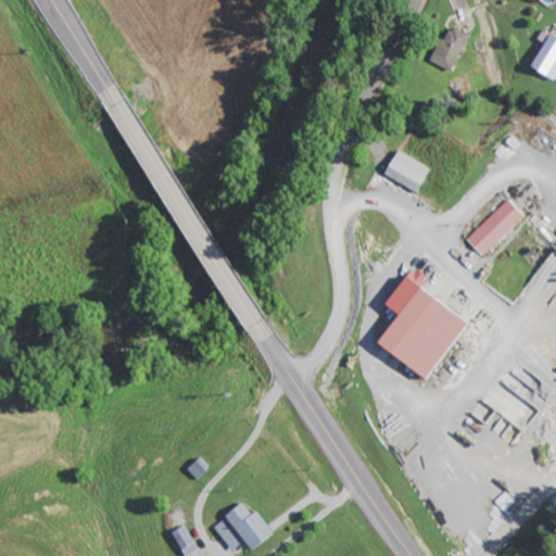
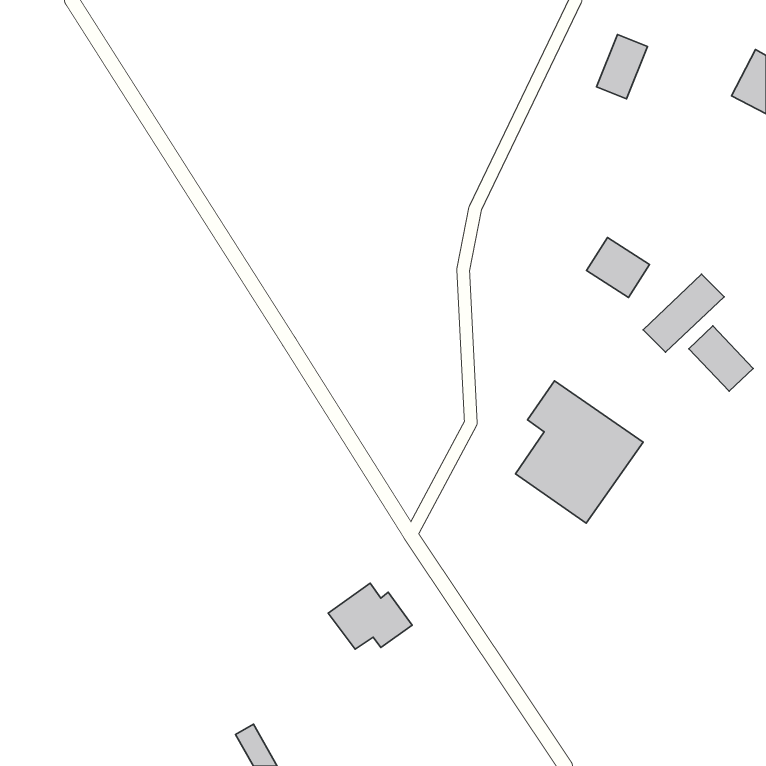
building: [383,149,429,192] -> [586,237,649,297]
building: none -> [689,326,753,391]
building: [212,503,273,551] -> [328,583,412,649]

